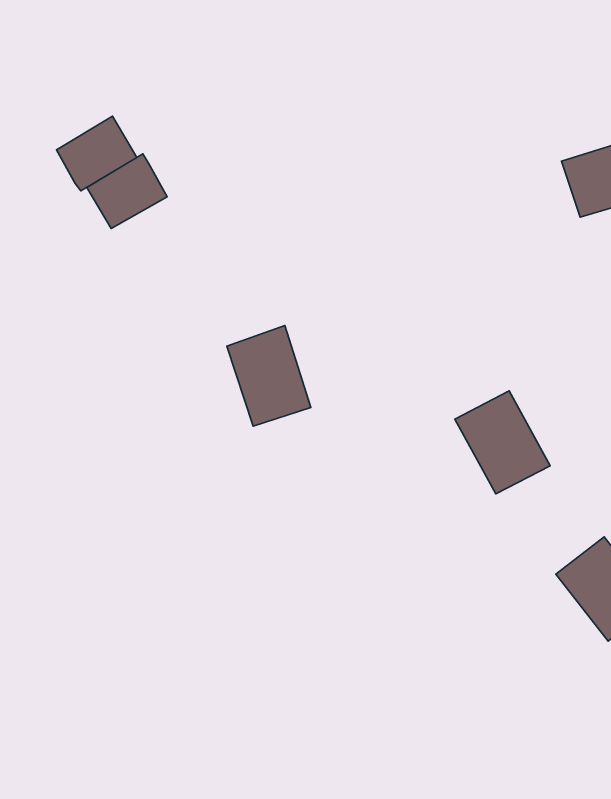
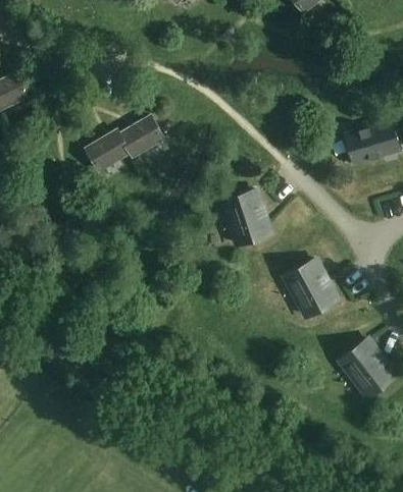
building: [57,116,137,191] -> [118,117,162,158]
building: [227,325,311,426] -> [224,189,270,244]

